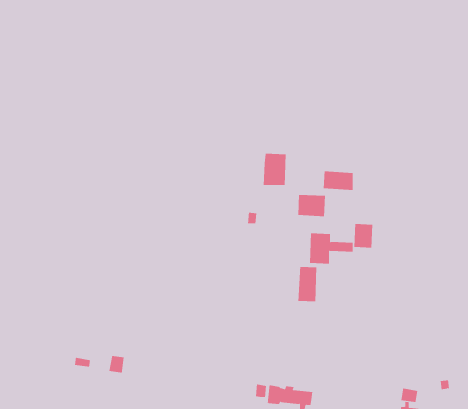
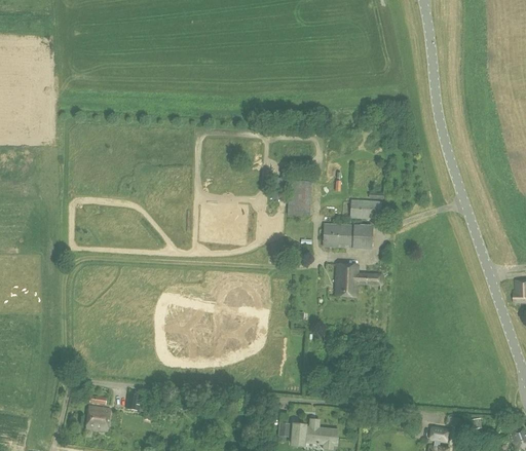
building: [353,224,373,248] -> [352,223,373,249]
building: [298,266,317,302] -> none
building: none -> [86,406,110,429]

